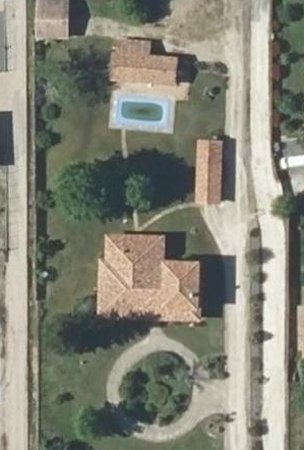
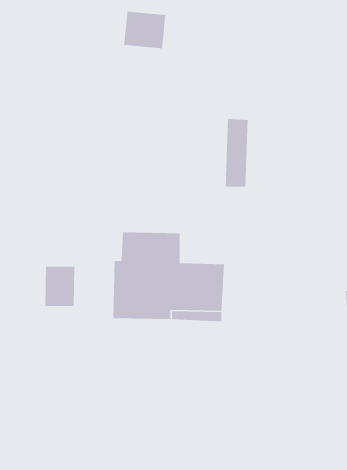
building: [145,54,176,87] -> none
building: none -> [44,266,75,307]

